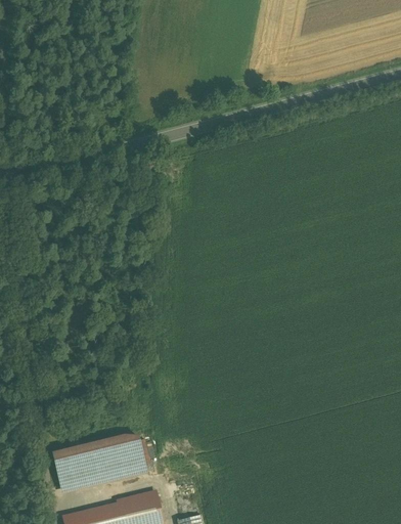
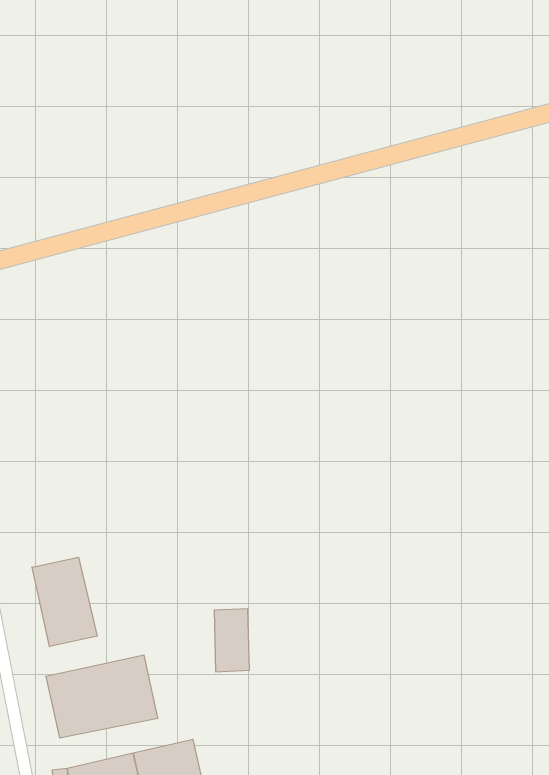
building: none -> [32,557,97,647]
building: [123,434,146,476] -> [214,609,249,672]

